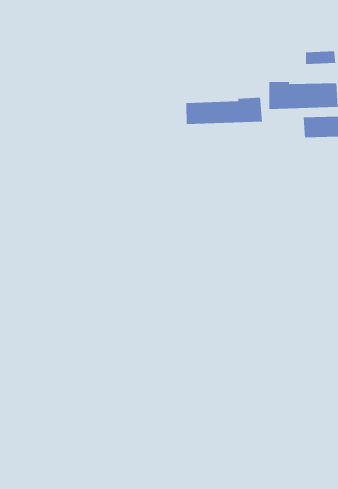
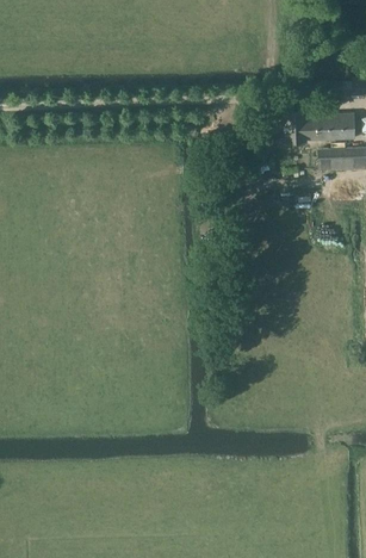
building: [186,97,263,125] -> none

